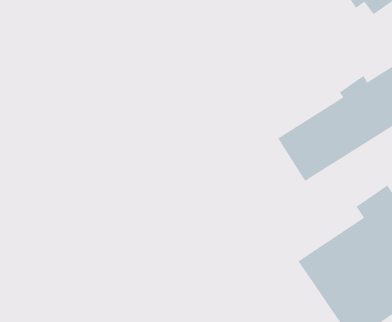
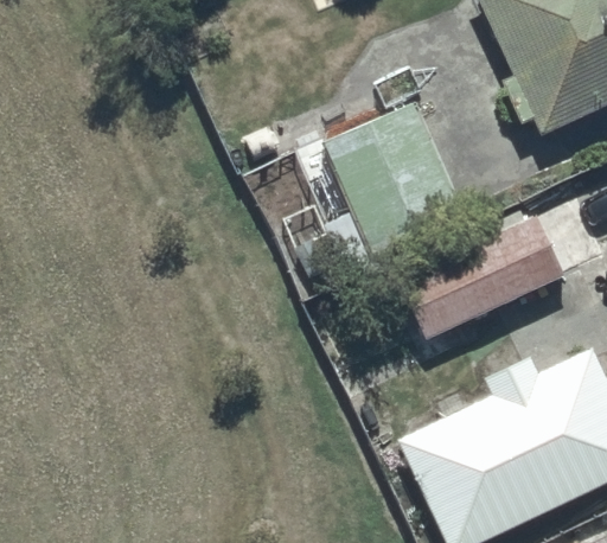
building: none -> [322,102,464,264]

